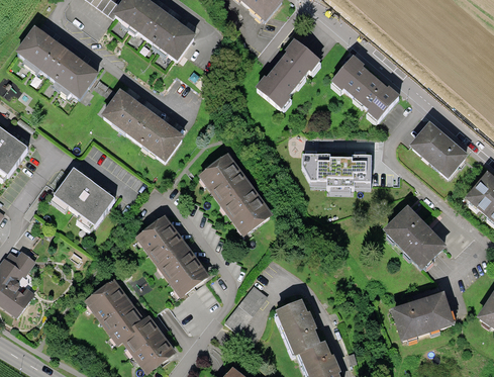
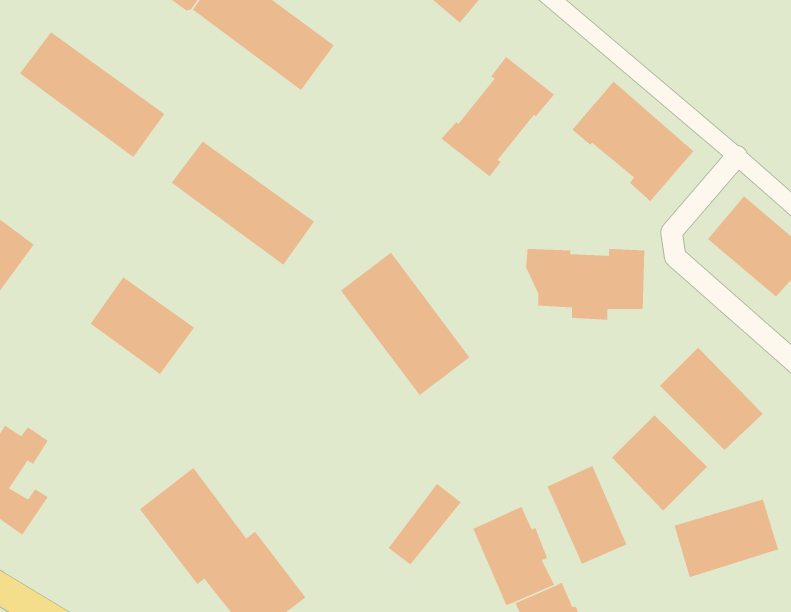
building: [135,214,209,296] -> none
building: none -> [611,414,708,511]
building: none -> [547,465,628,565]

